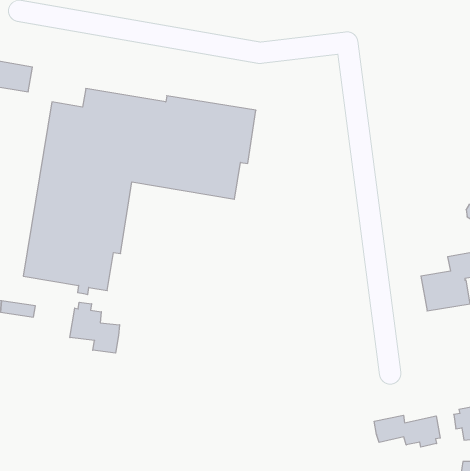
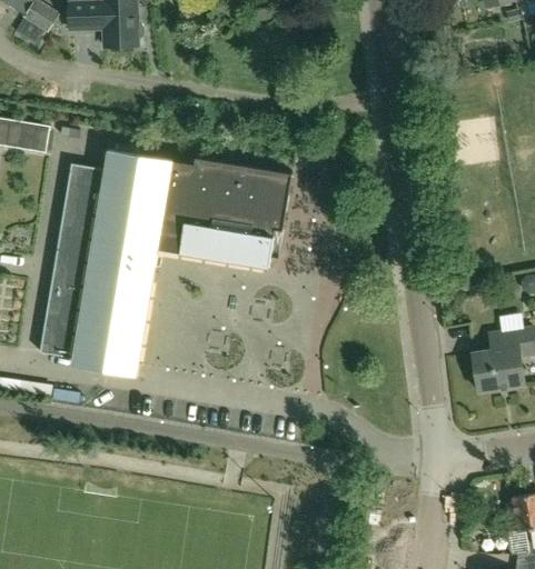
building: [70,302,120,353] -> none
building: [374,415,440,447] -> none

